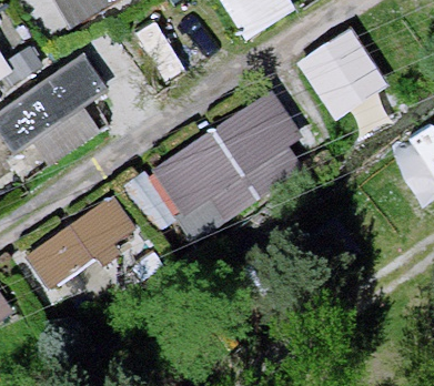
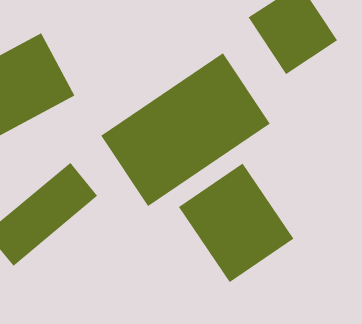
building: none -> [178,163,295,283]

